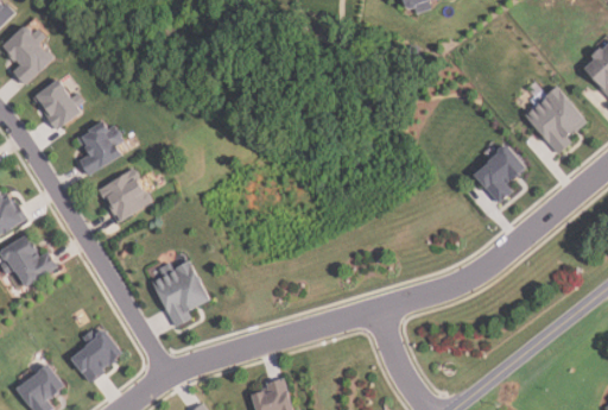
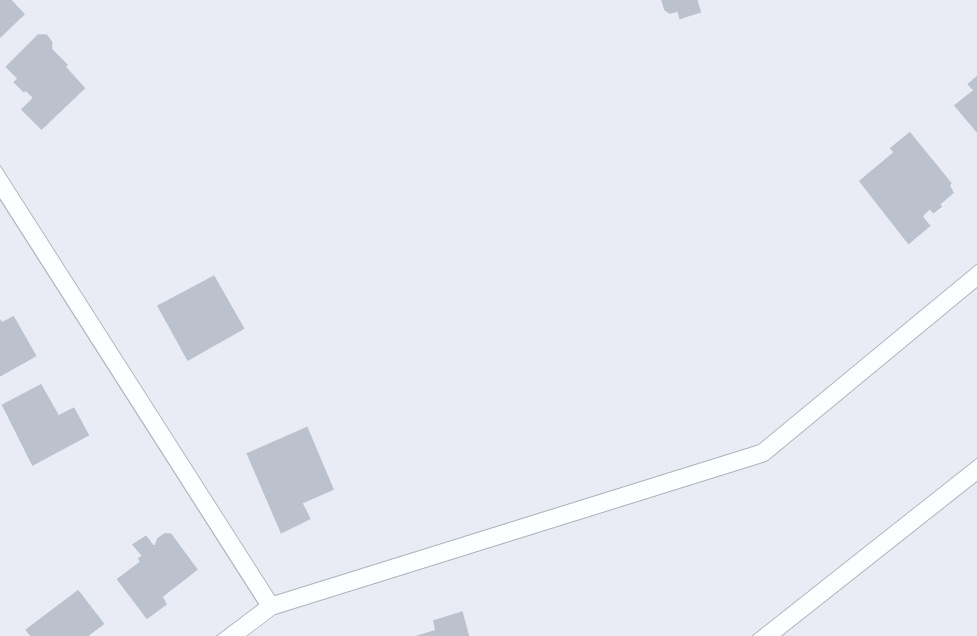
building: [33,78,84,130] -> none
building: [77,121,125,176] -> none
building: [474,144,526,204] -> none

